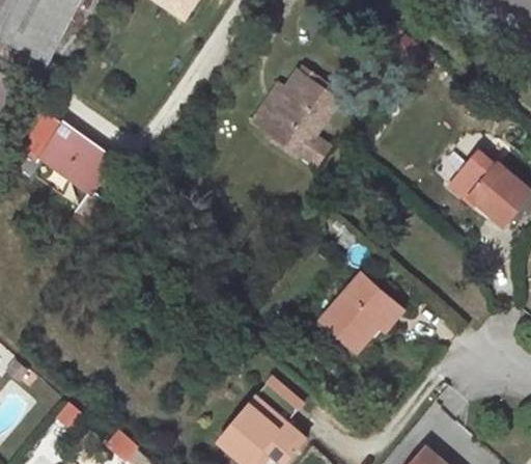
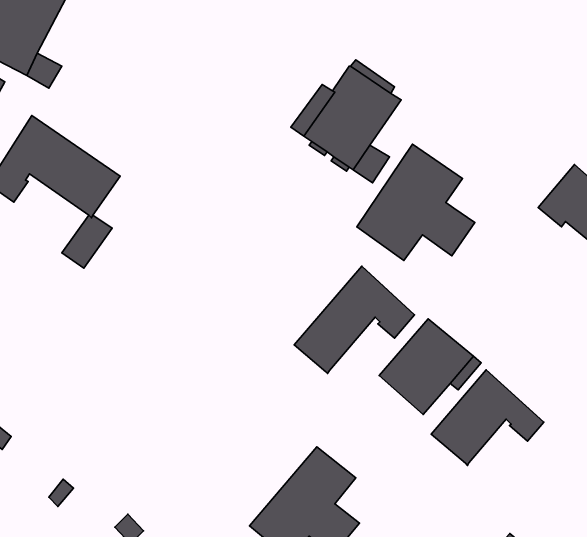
building: none -> [357,144,475,260]
building: none -> [294,266,414,374]
building: none -> [431,370,544,465]

